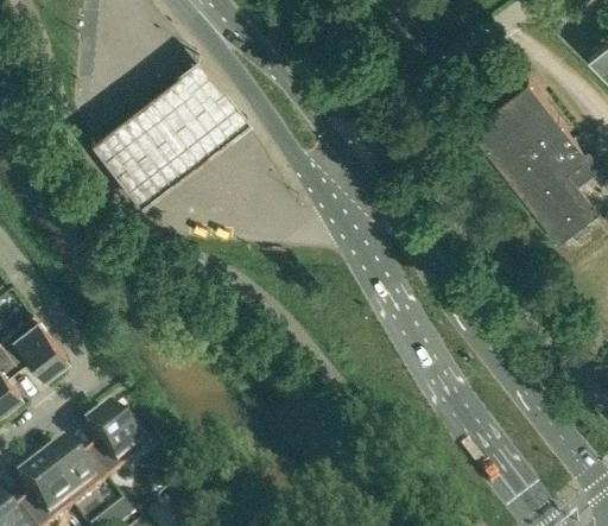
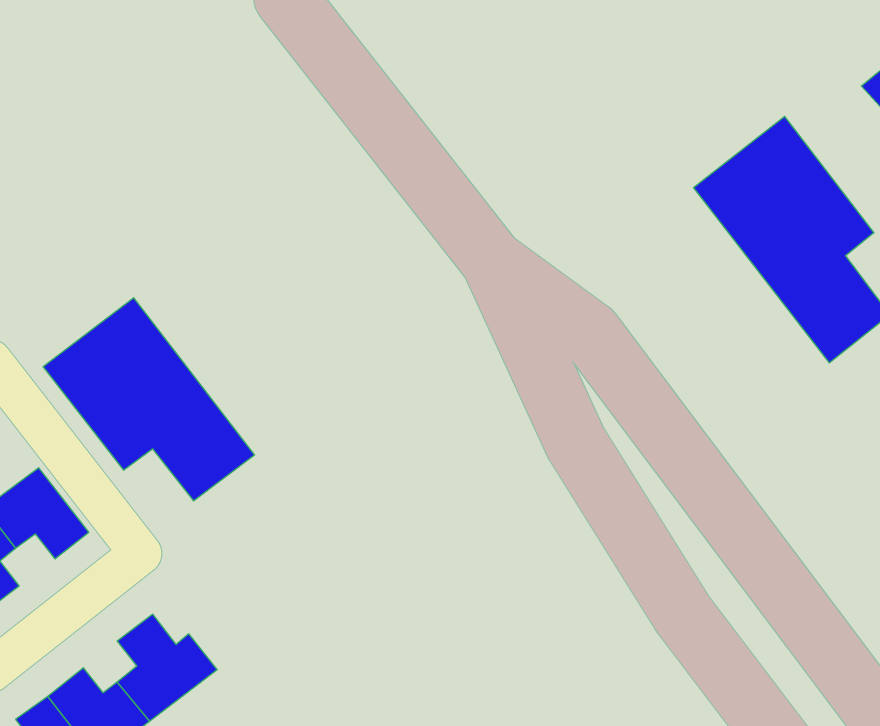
building: [94,56,248,199] -> none
building: none -> [43,298,255,501]

